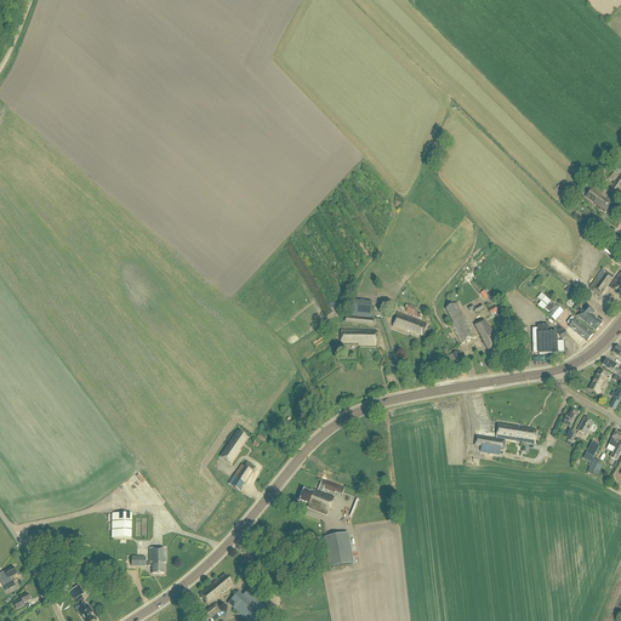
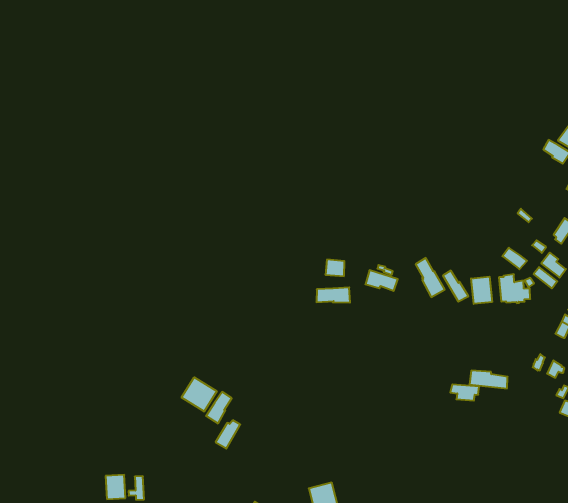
building: none -> [471,277,492,304]
building: none -> [182,377,217,412]
building: [298,478,344,514] -> none

